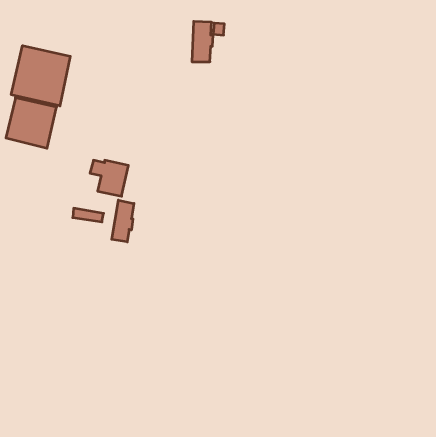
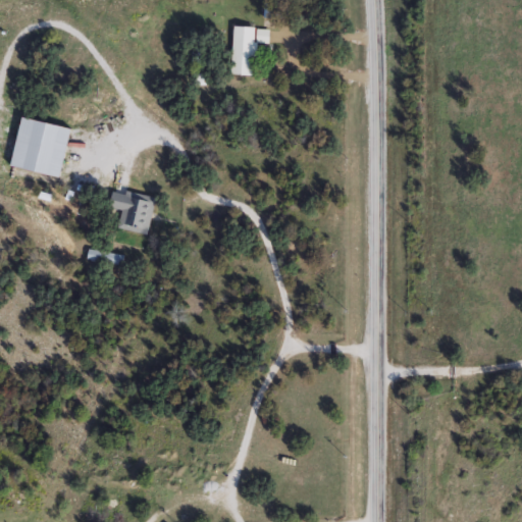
building: [11,46,70,106] -> none
building: [112,200,134,242] -> none

